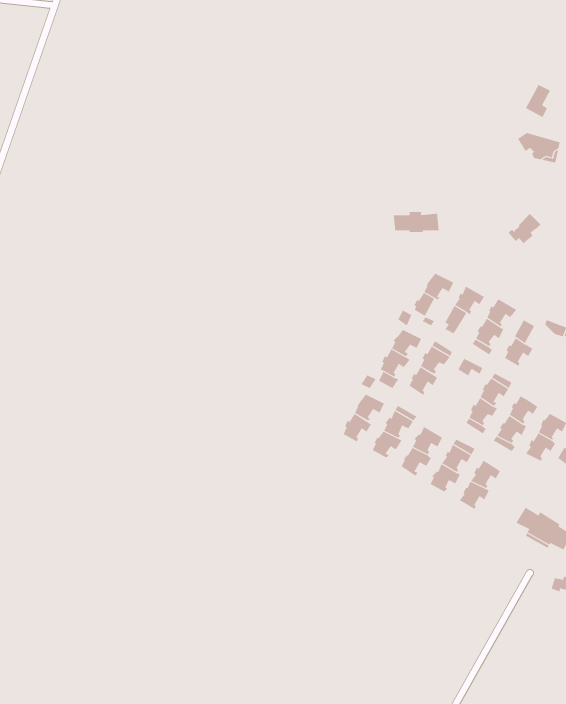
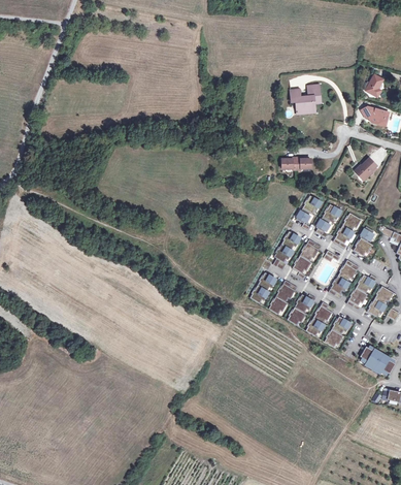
building: none -> [291,86,323,112]

